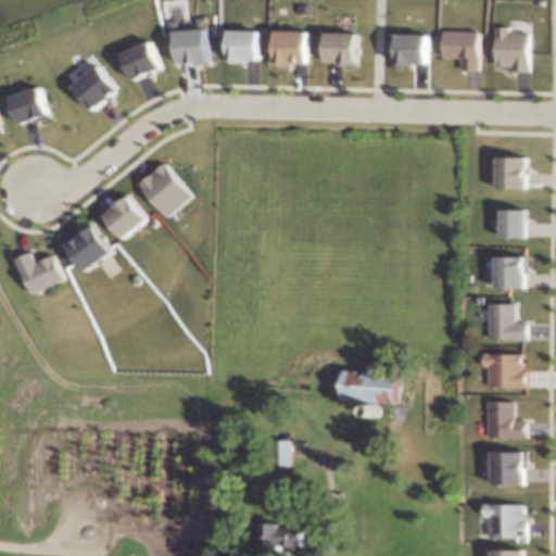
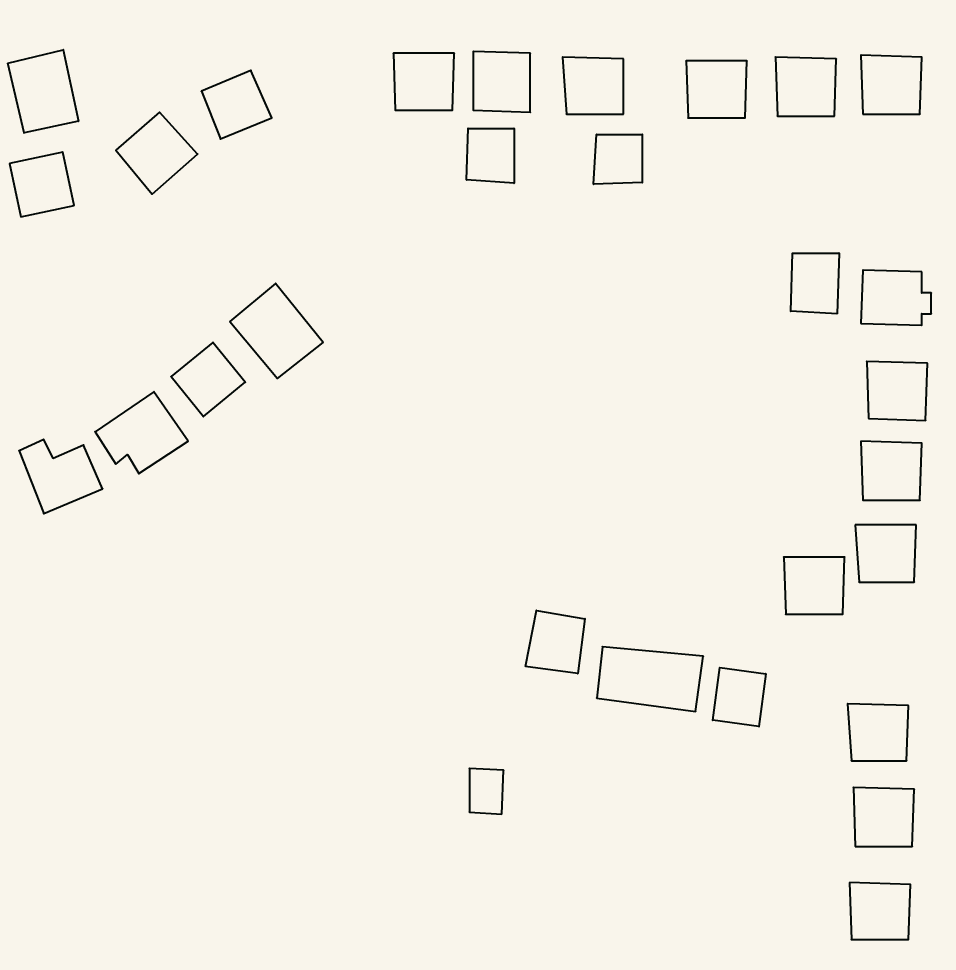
building: [168,28,204,65] -> none
building: none -> [8,50,78,133]
building: none -> [467,128,514,183]
building: none -> [594,134,642,184]
building: none -> [791,253,839,314]
building: none -> [526,610,585,674]
building: [488,355,522,388] -> [784,557,845,614]
building: none -> [713,668,766,727]
building: [255,525,298,549] -> none

